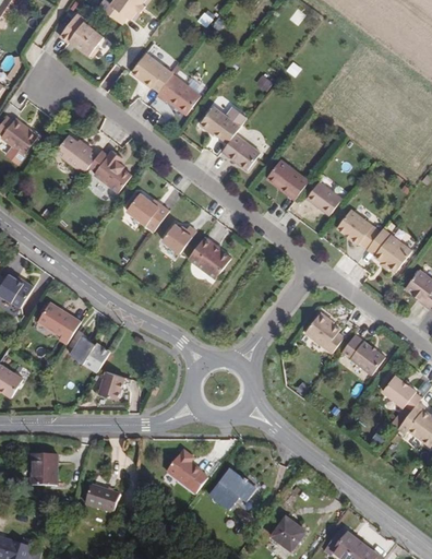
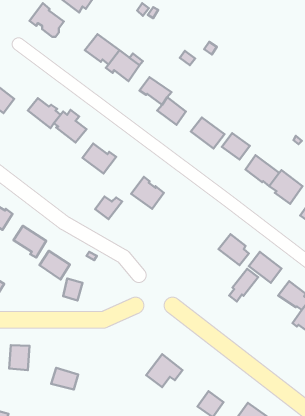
building: [163,226,197,255] -> [95,197,122,219]
building: none -> [229,269,258,301]
building: [164,450,208,495] -> none

